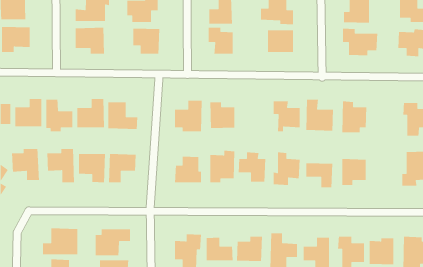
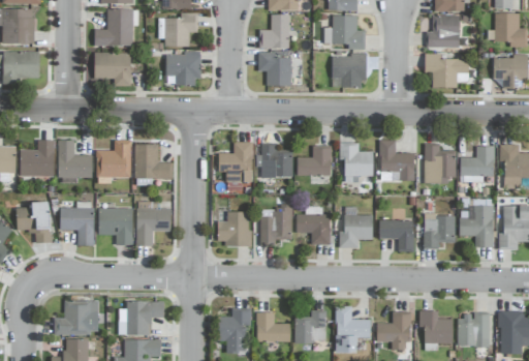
building: none -> [297,146,331,176]
building: none -> [461,146,494,182]
building: none -> [459,205,493,247]

